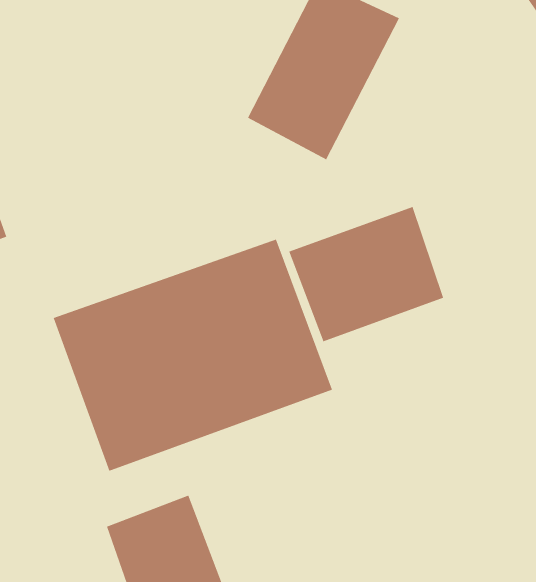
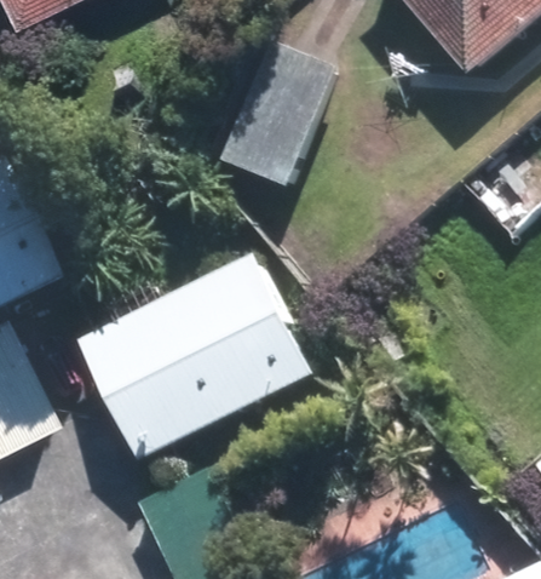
building: [289,206,444,342] -> none

